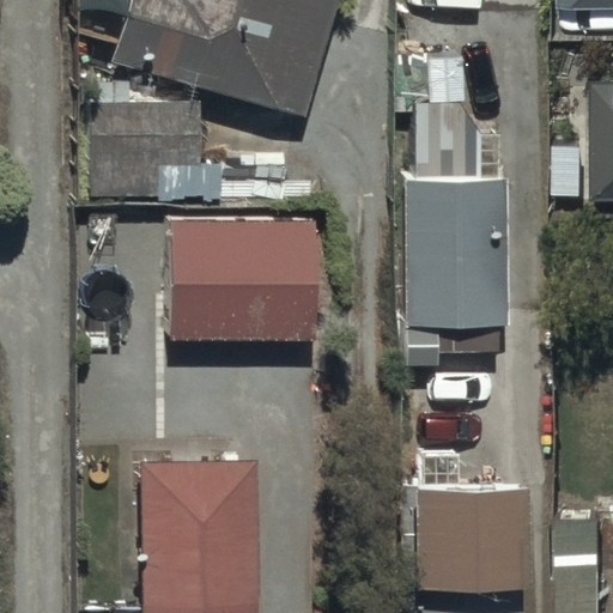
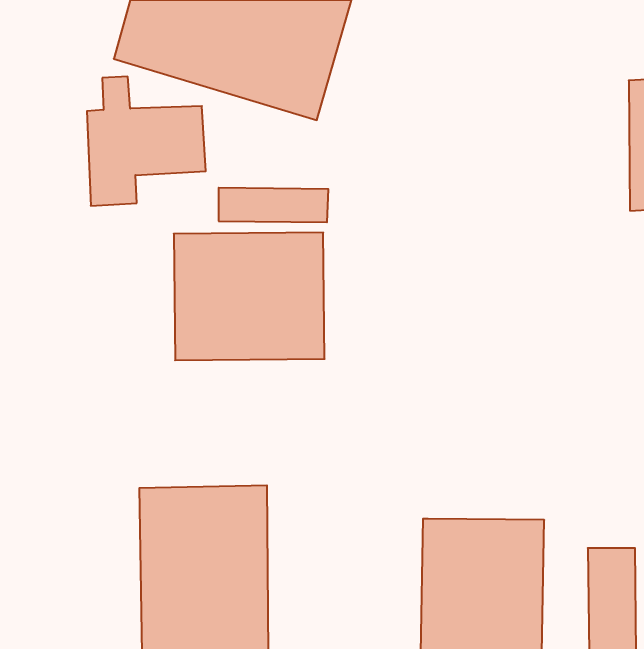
building: [394,40,506,324] -> none

